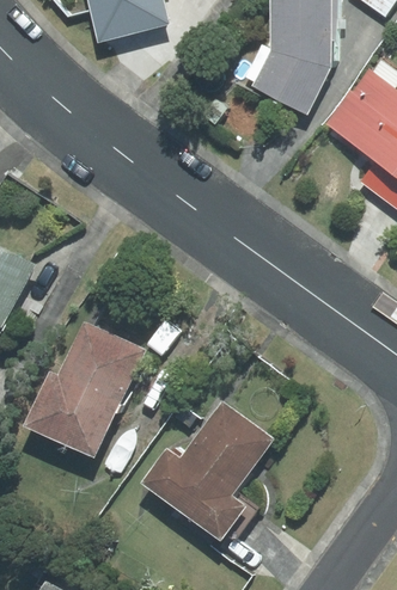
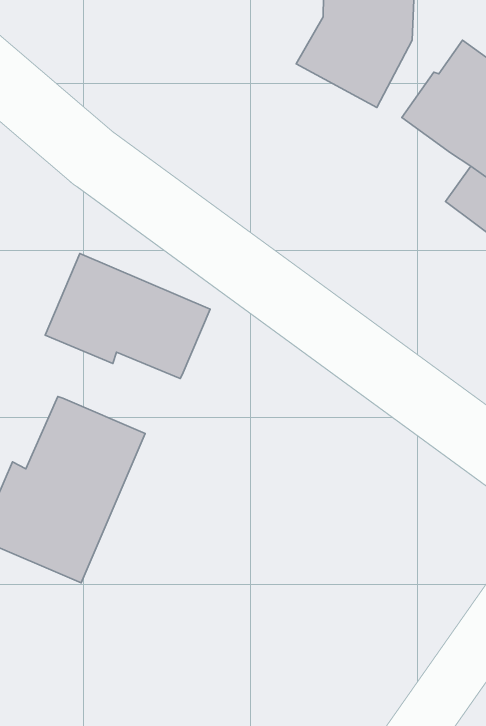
building: none -> [45,253,210,379]
building: [141,398,273,537] -> none

